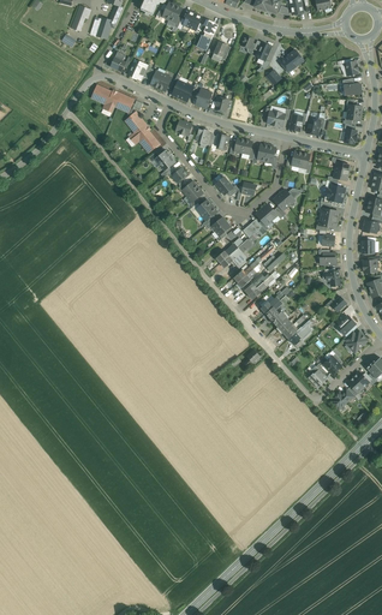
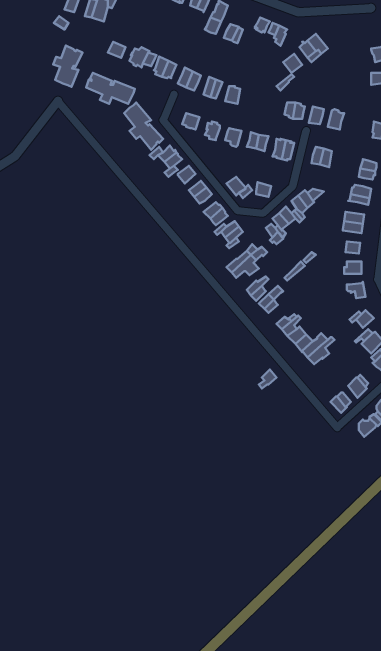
building: none -> [53,45,82,87]

